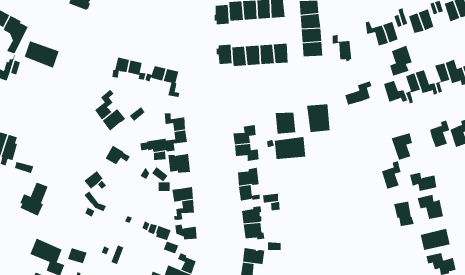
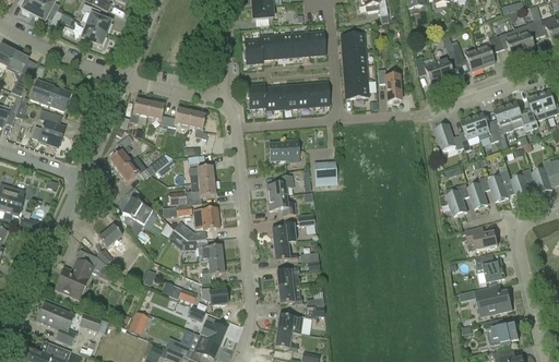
building: [390,45,413,77] -> none
building: none -> [32,109,66,146]
building: [344,81,372,106] -> none
building: none -> [270,138,300,160]
building: [306,103,330,133] -> none
building: [274,136,306,160] -> none
building: [381,160,401,189] -> [468,176,491,208]
building: [20,182,49,217] -> [58,260,91,299]
building: [394,201,414,227] -> none

